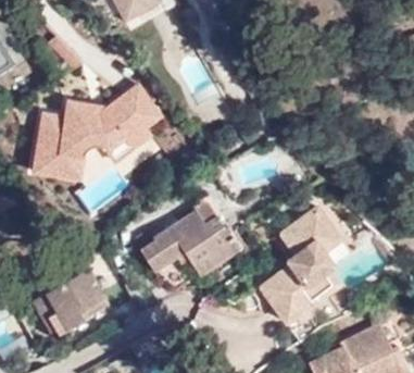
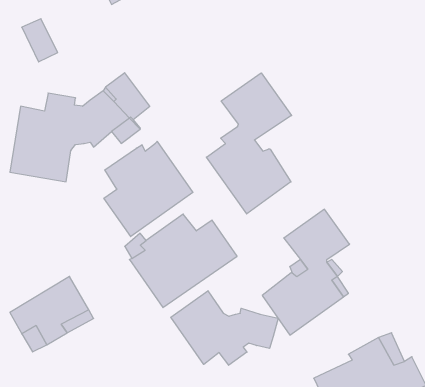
building: none -> [206,73,292,214]
building: none -> [104,141,193,237]
building: none -> [171,291,278,365]

